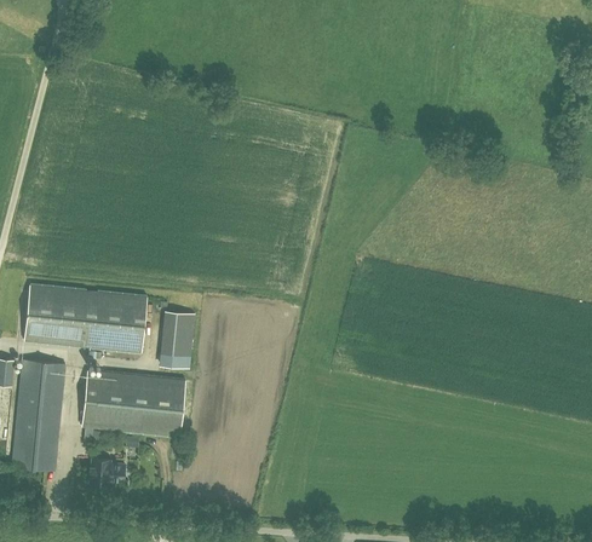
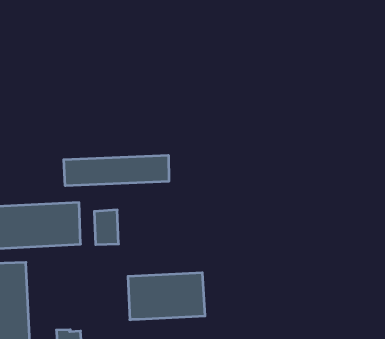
building: none -> [64,155,169,186]
building: [81,370,185,437] -> [128,273,205,320]

